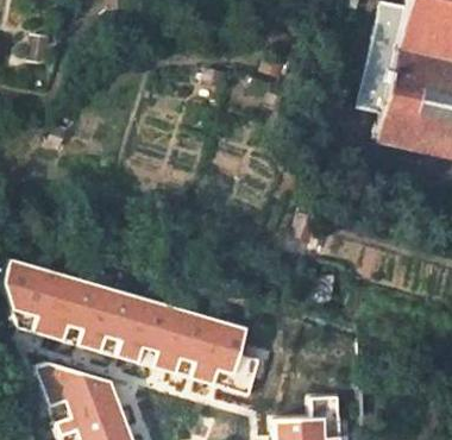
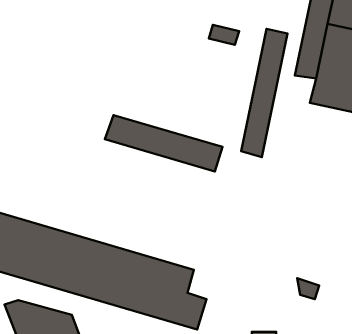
building: none -> [241,29,288,157]
building: none -> [105,115,222,172]

